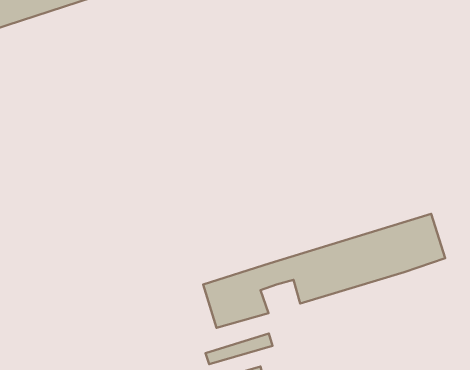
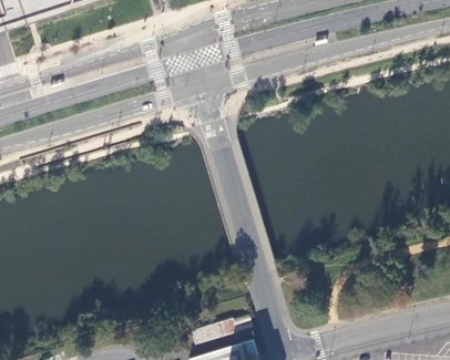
building: [203,214,445,328] -> none

